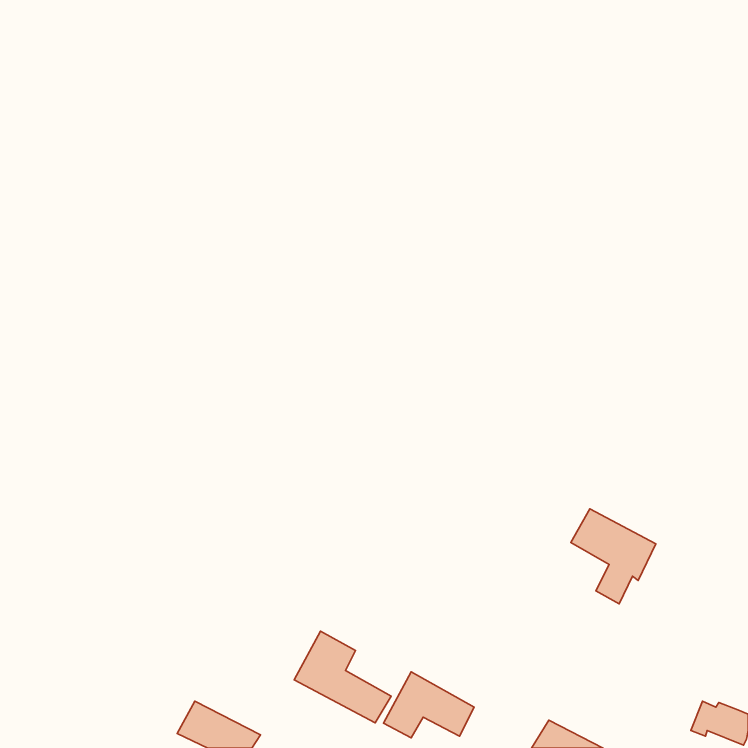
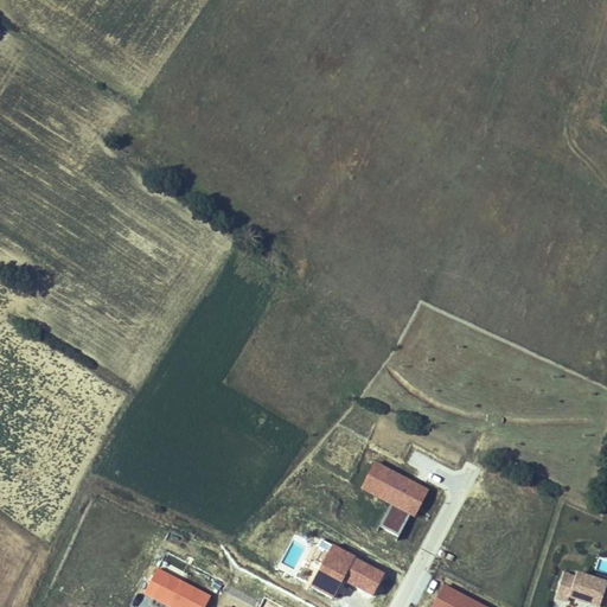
building: [571,509,656,604] -> [359,460,428,537]
building: [294,631,391,723] -> none

